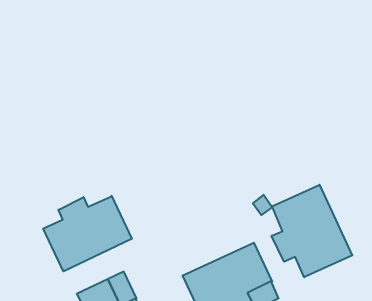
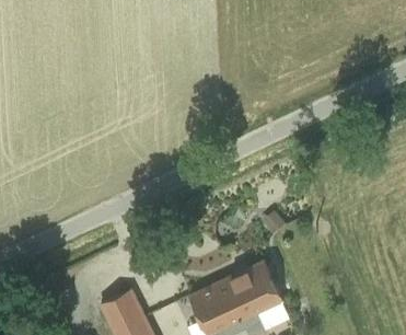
building: [272,185,352,277] -> none
building: [43,196,132,271] -> none

